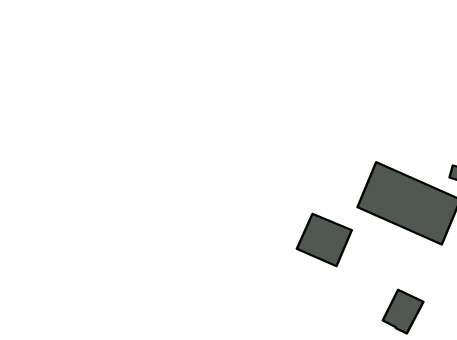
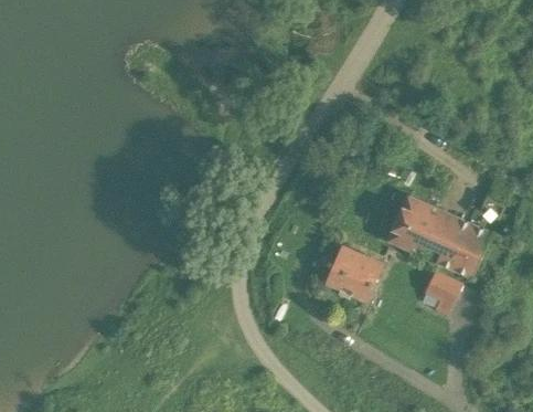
building: [383,290,423,334] -> [419,272,460,316]

